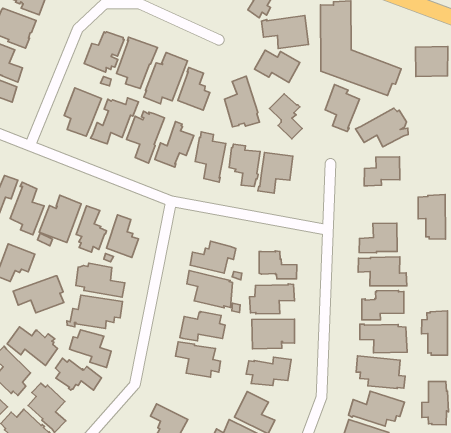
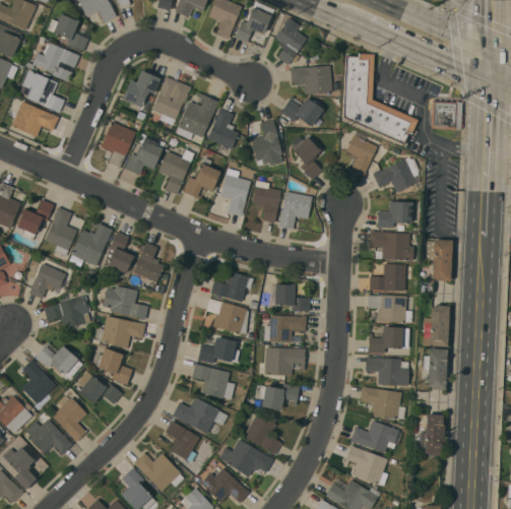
building: none -> [369,231,413,260]
building: none -> [430,305,449,346]
building: none -> [172,397,228,434]

